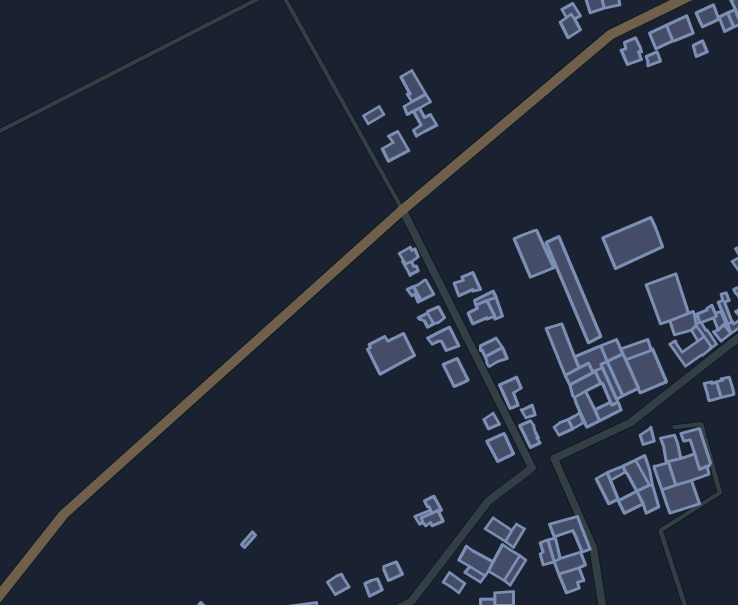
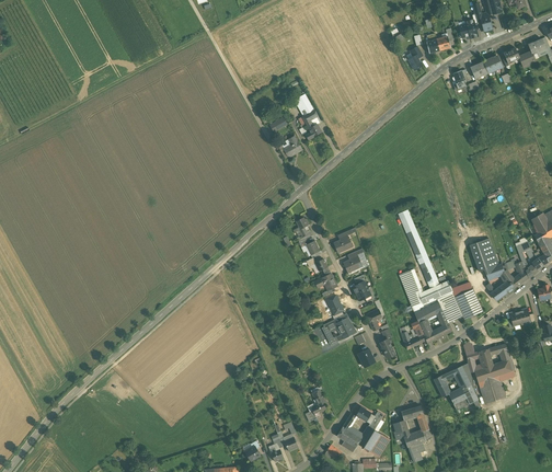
building: [603,217,662,268] -> none
building: [514,230,554,277] -> none
building: [368,333,414,374] -> [322,316,355,345]

